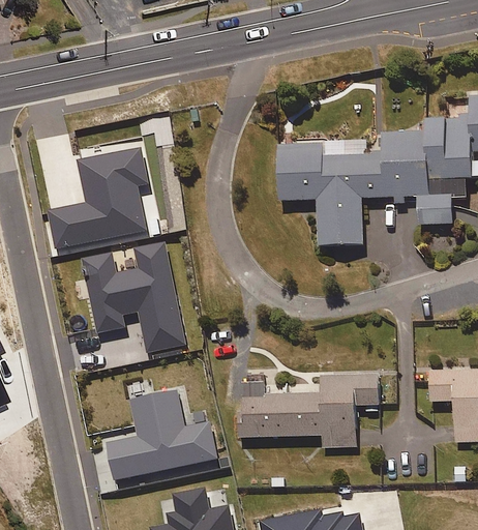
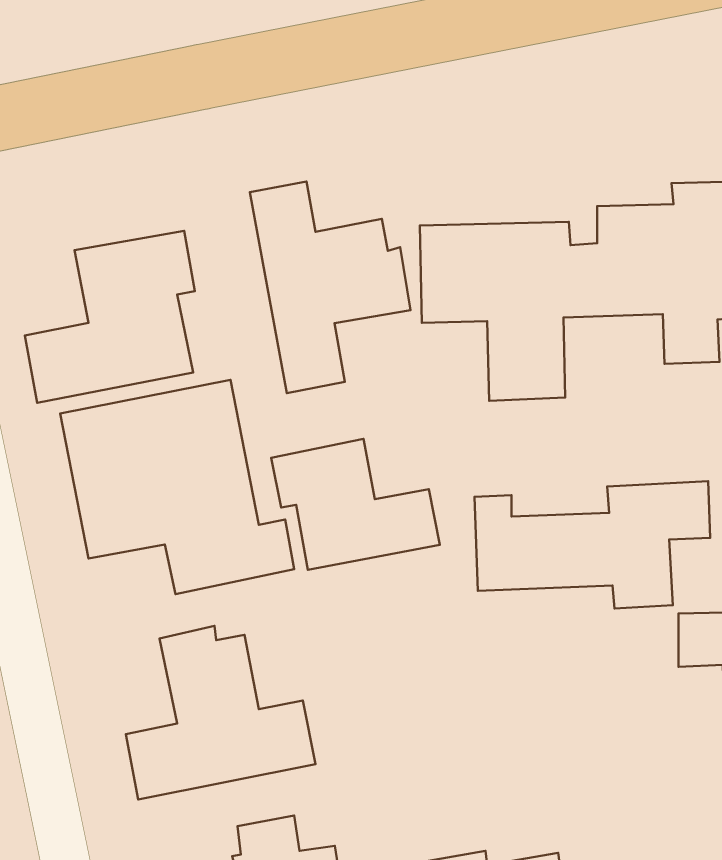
building: none -> [250,181,410,393]
building: none -> [271,439,440,570]
building: [241,374,379,448] -> [474,481,710,609]

